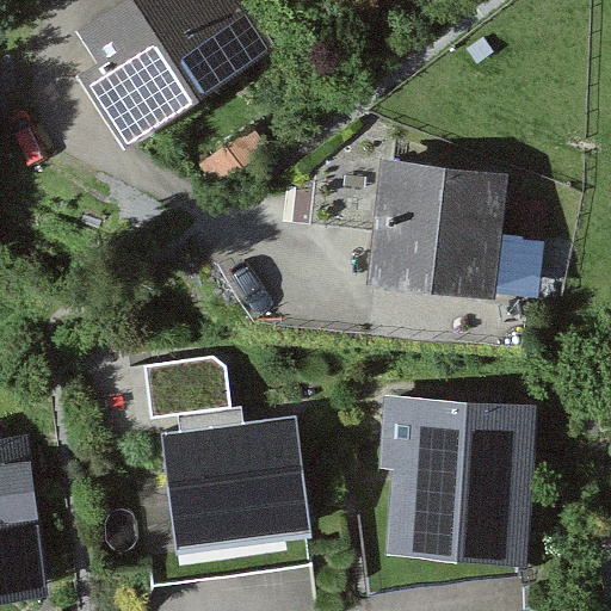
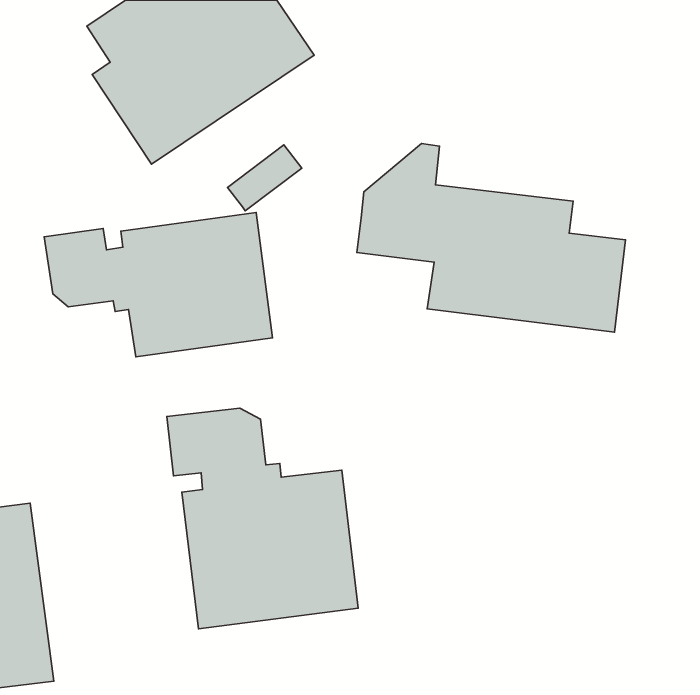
building: none -> [44,213,272,357]
building: [377,393,536,556] -> none

